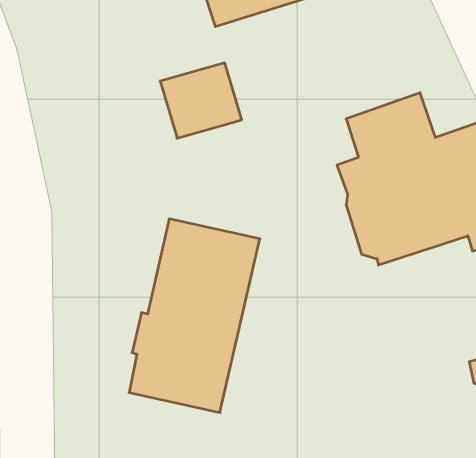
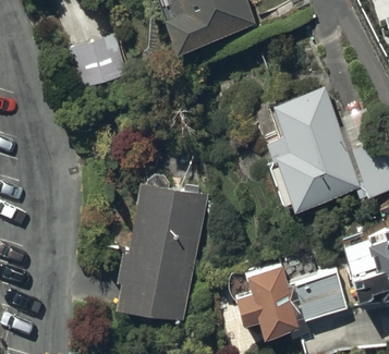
building: [160,63,242,138] -> [70,36,127,89]
building: none -> [241,271,349,341]

